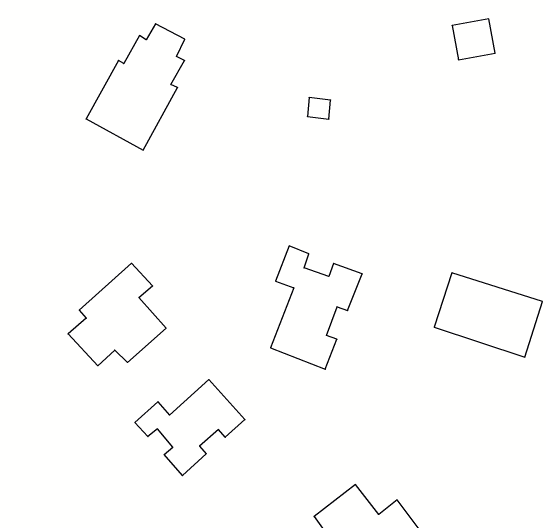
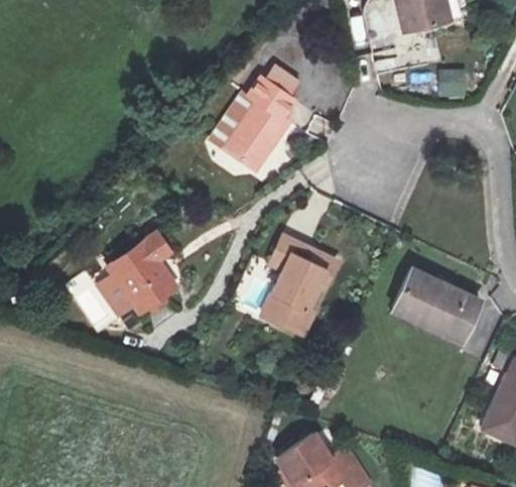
building: [86,24,185,150] -> [212,67,298,167]
building: [135,380,245,476] -> none

